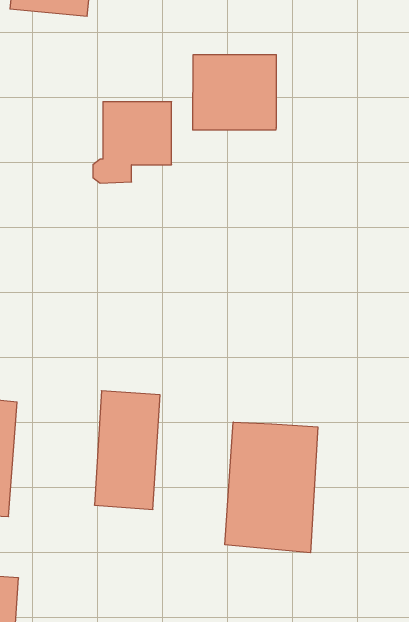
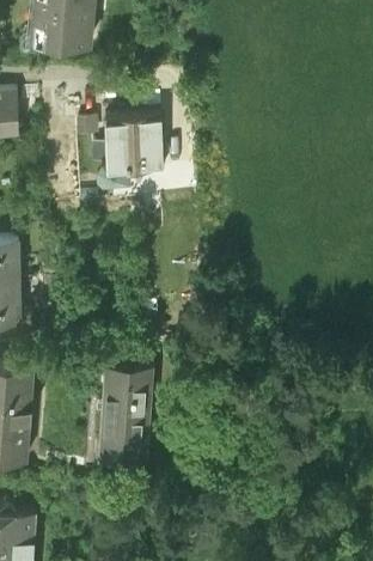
building: [193,55,276,130] -> none
building: [225,422,318,553] -> none

